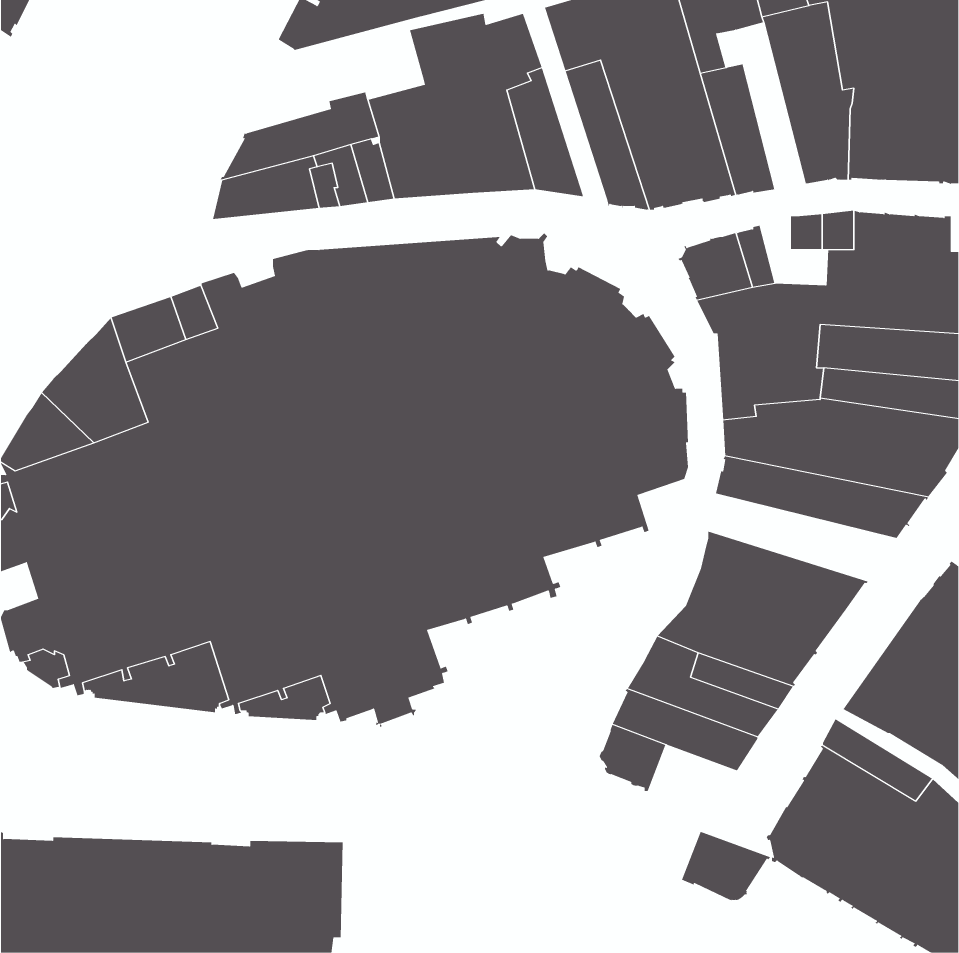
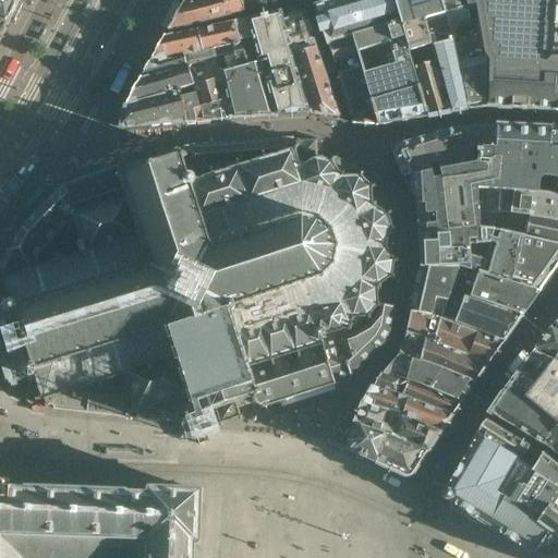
building: none -> [427,13,468,110]
building: none -> [143,17,245,77]
building: none -> [441,125,481,166]
building: none -> [248,278,399,405]
building: none -> [411,287,521,338]
building: [681,831,771,902] -> [376,433,428,474]

